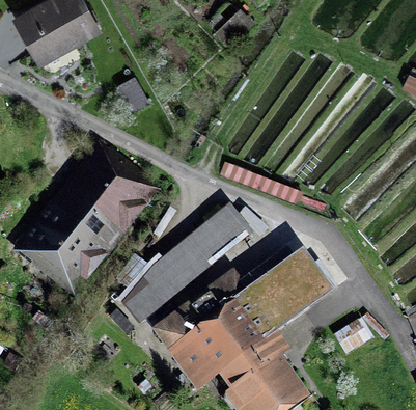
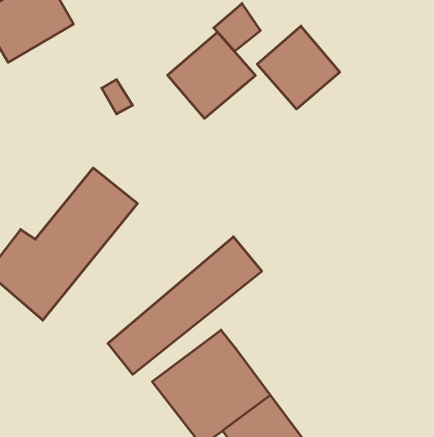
building: none -> [257,26,340,109]
building: none -> [168,32,255,118]
building: [233,256,326,343] -> none

